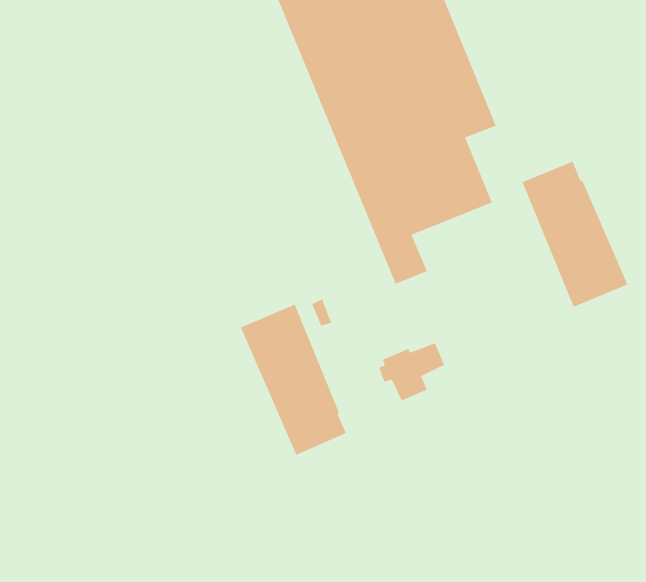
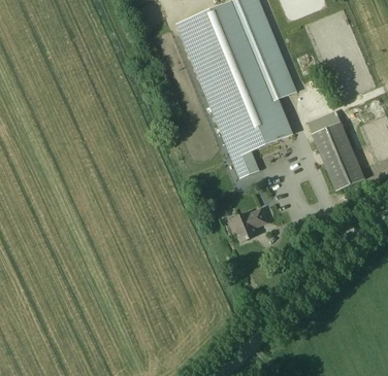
building: [240,303,347,456] -> none

